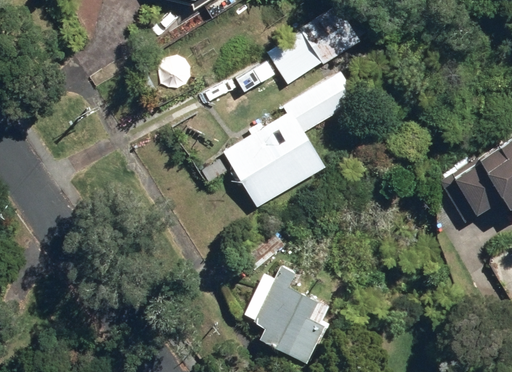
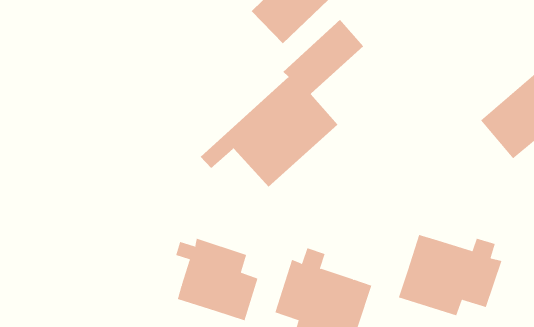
building: none -> [176,238,258,321]
building: none -> [398,234,502,316]

